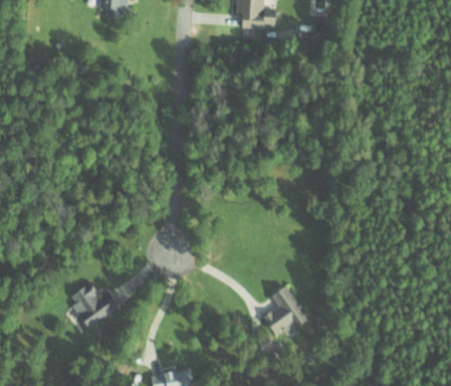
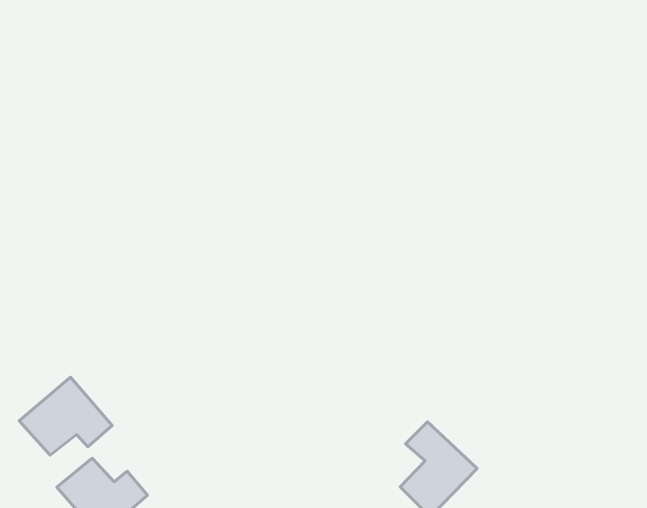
building: none -> [19,377,112,455]

